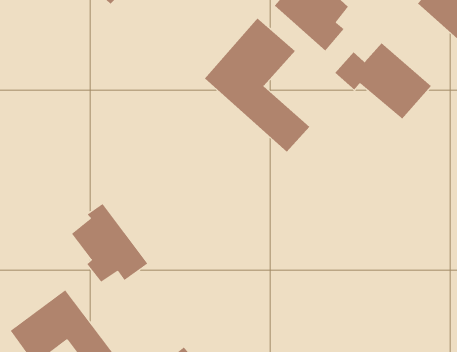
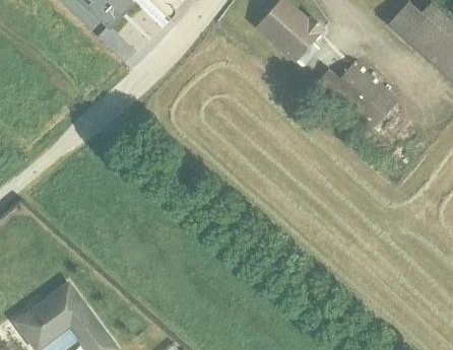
building: [204,18,310,152] -> none
building: [71,203,148,282] -> none

